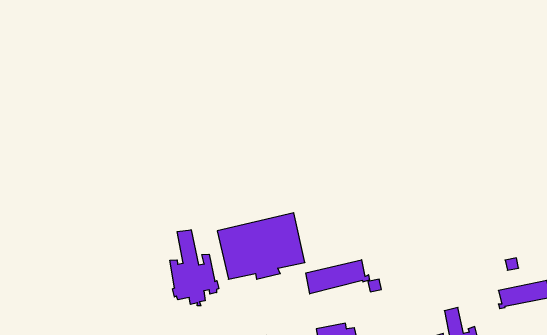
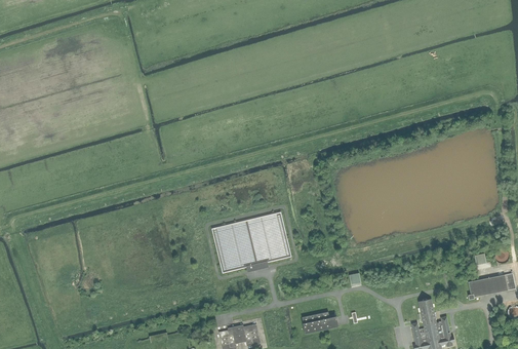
building: [170,230,219,306] -> none
building: [306,260,370,294] -> none

